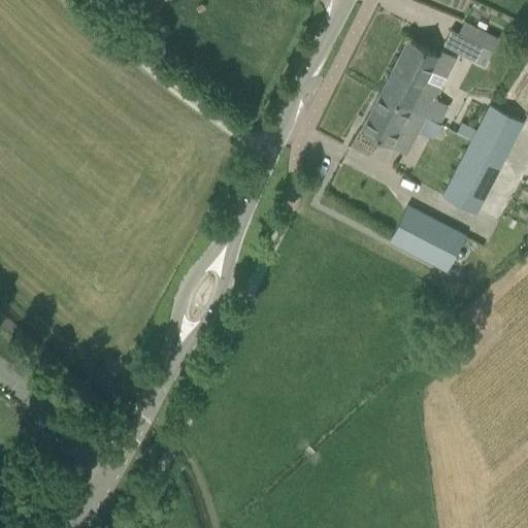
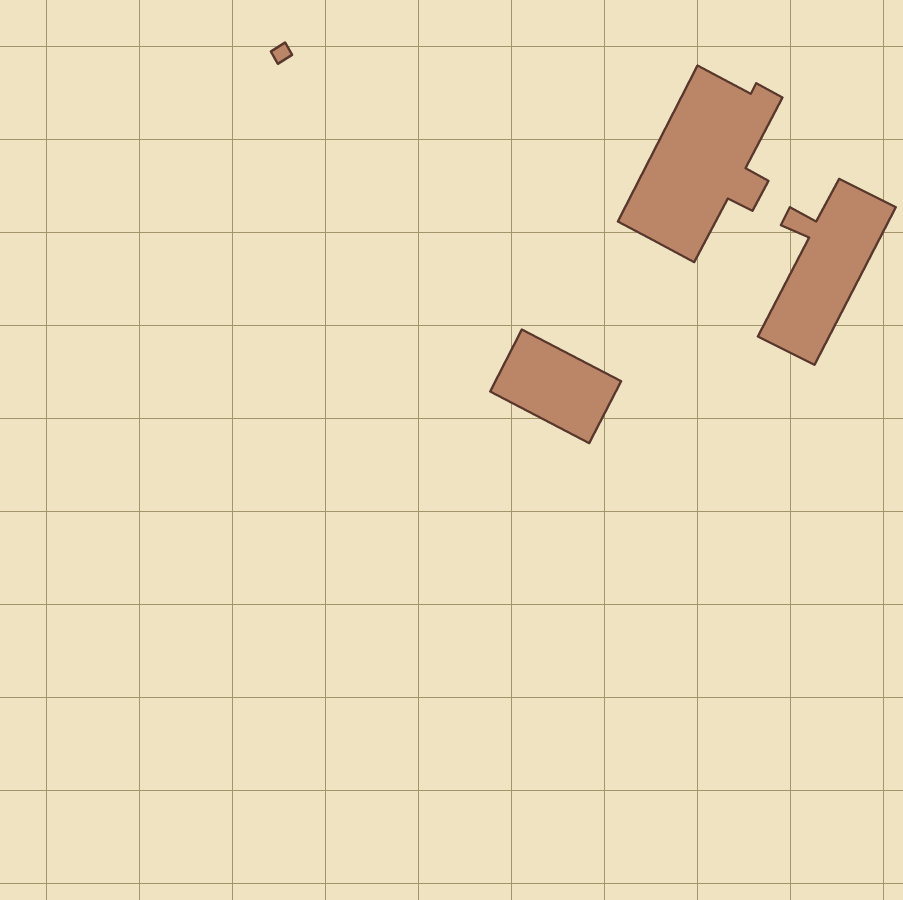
building: [443,22,499,68] -> none
building: [389,207,465,273] -> [490,330,621,443]

